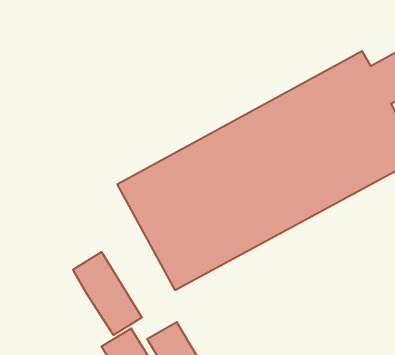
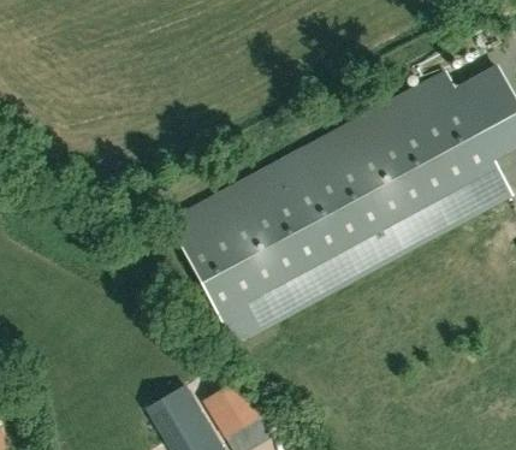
building: [73,252,142,335] -> none

